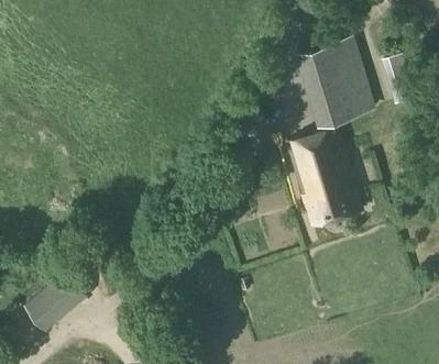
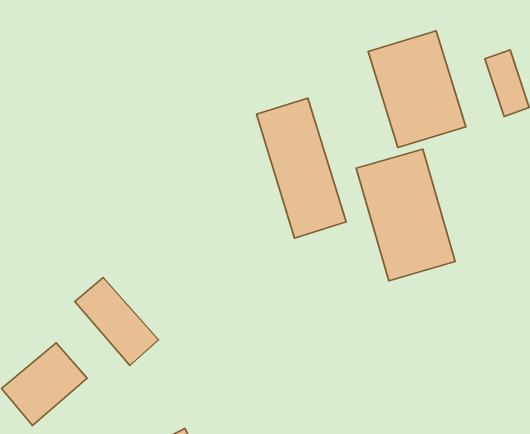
building: none -> [256,98,346,238]
building: none -> [75,277,158,365]

